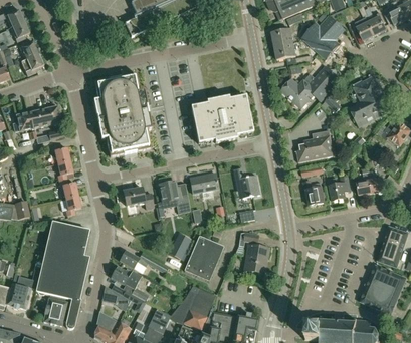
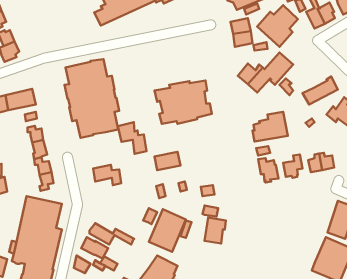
building: [354,77,382,103] -> none
building: [233,166,260,198] -> none
building: [159,180,190,214] -> [118,122,147,154]

